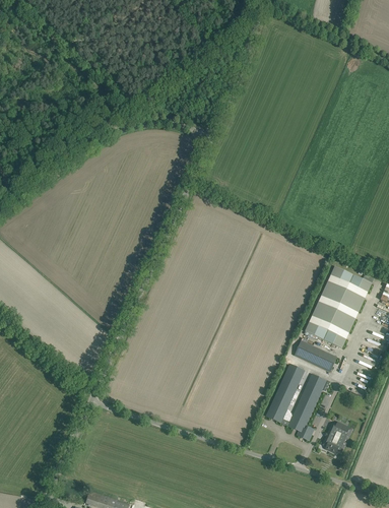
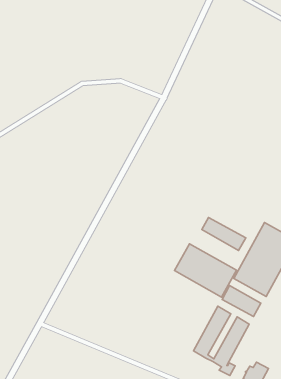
building: none -> [202,218,246,250]
building: none -> [174,244,236,297]

